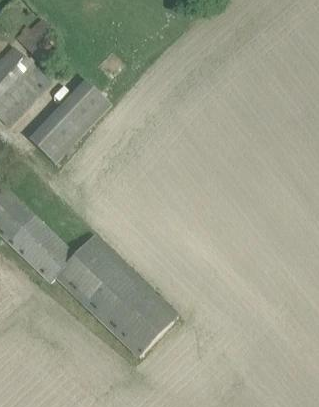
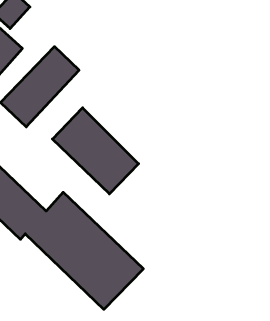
building: none -> [52,108,139,194]

